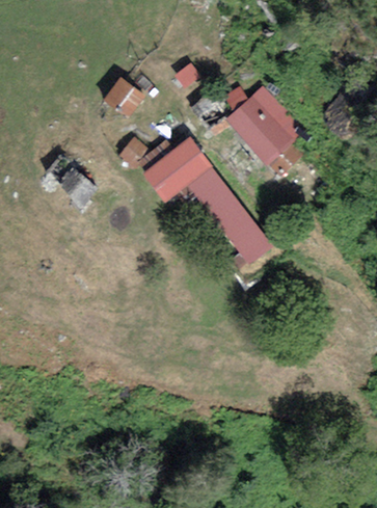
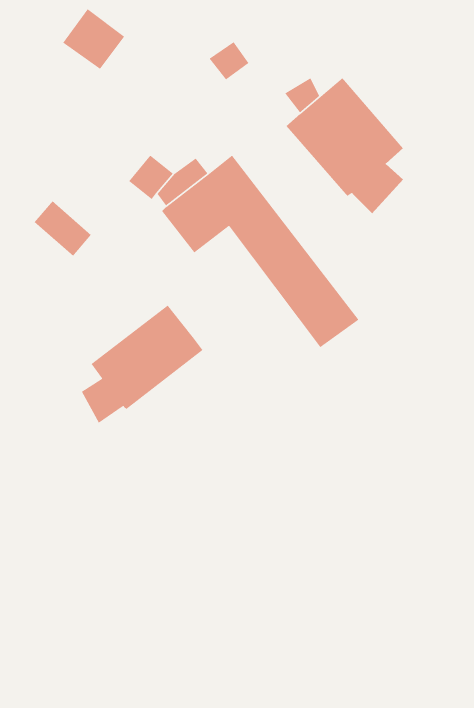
building: [104,77,145,117] -> [62,8,125,70]
building: none -> [81,304,204,424]

